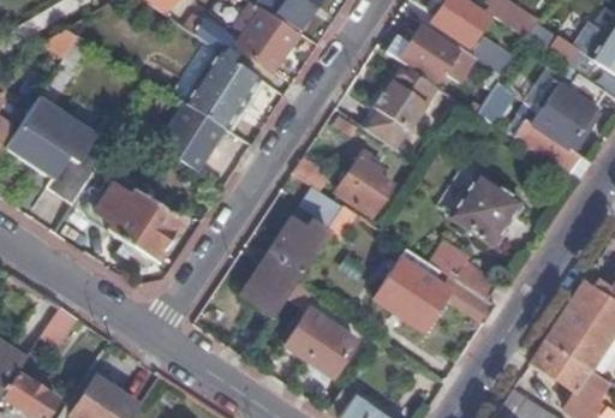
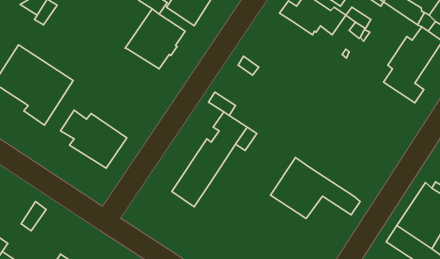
building: [366,64,438,149] -> none
building: [156,102,227,172] -> none
building: [338,150,394,214] -> none
building: [453,175,519,243] -> none
building: [429,239,498,299] -> none
building: [289,295,364,376] -> none

